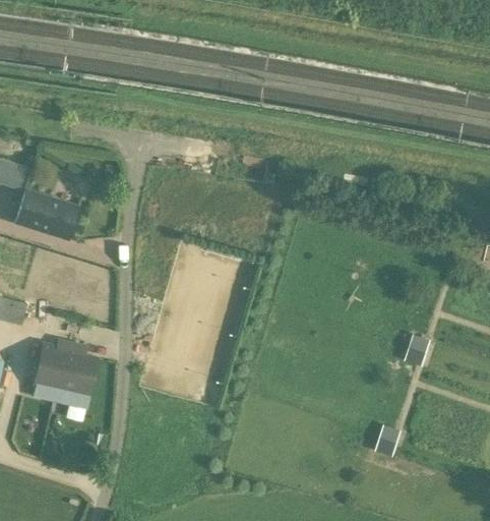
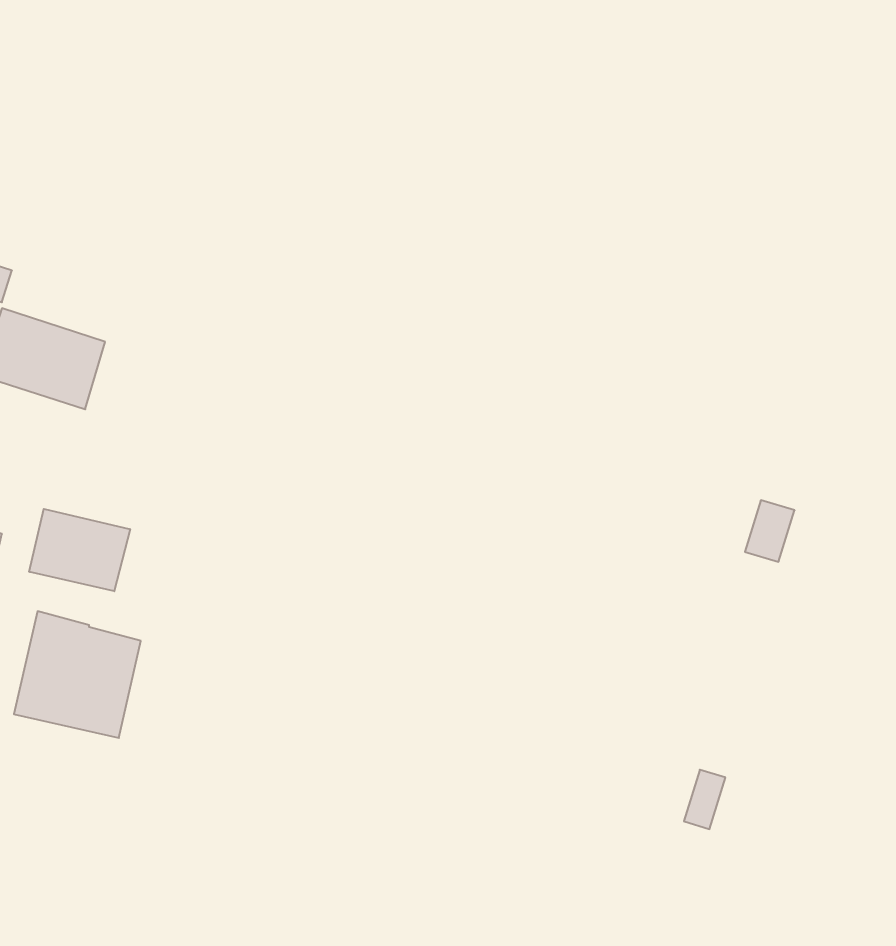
building: none -> [29,509,130,591]
building: [403,333,428,364] -> [745,500,795,562]

